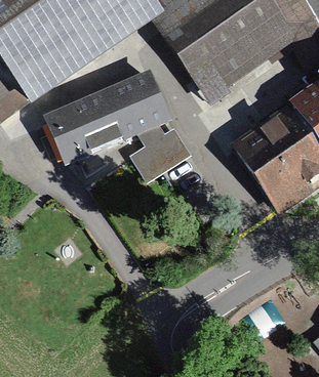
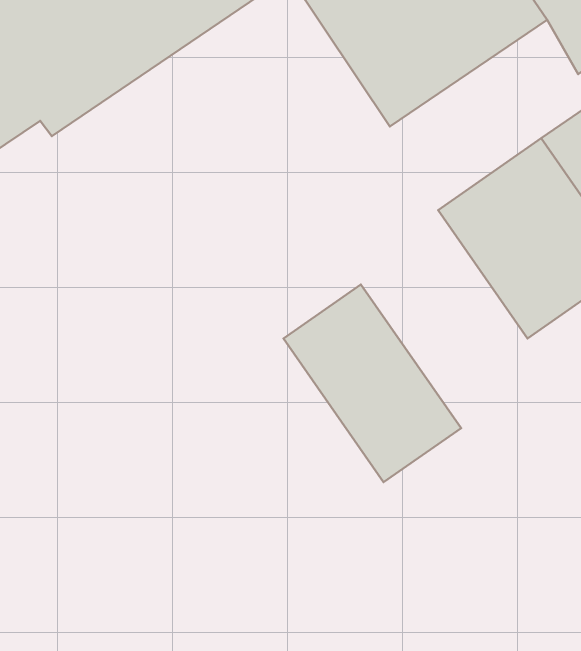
building: [39,75,187,182] -> none
building: none -> [283,284,461,482]

